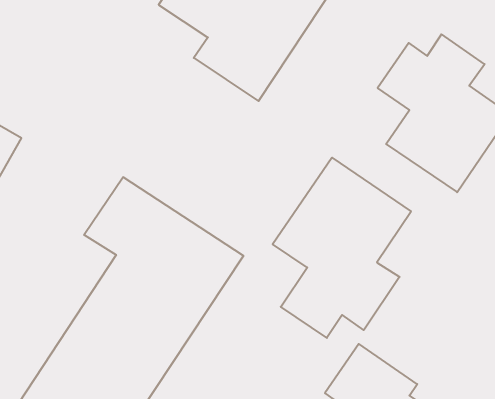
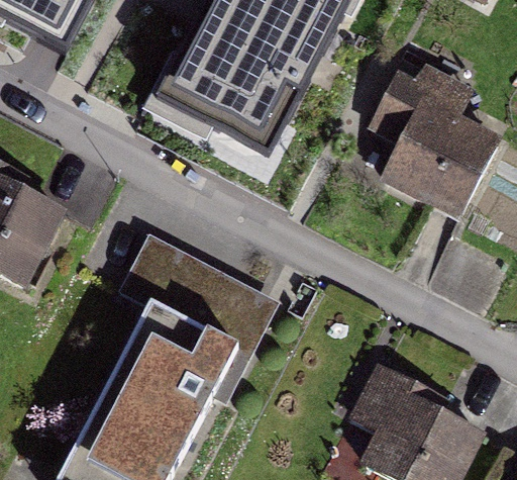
building: [273,158,411,338] -> none

